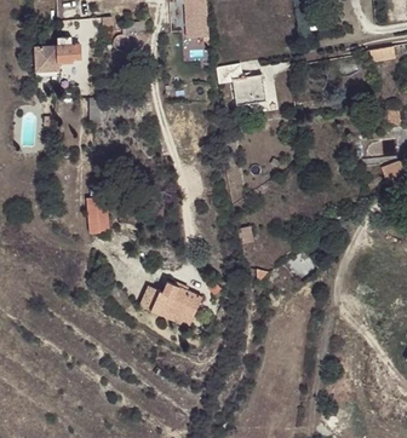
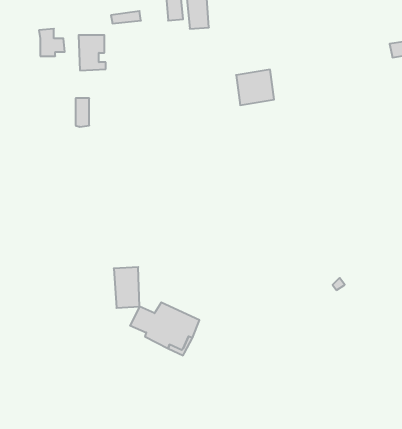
building: [36,46,61,77] -> [79,35,106,70]
building: [87,197,110,234] -> [114,267,140,308]

